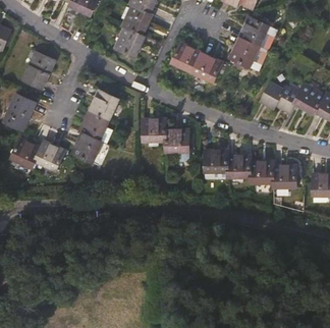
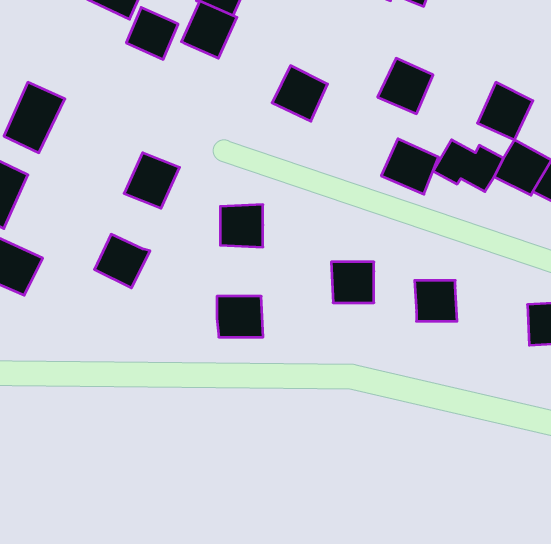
building: [238,15,269,47] -> [477,82,533,140]
building: [114,30,143,58] -> [126,7,178,59]
building: [191,52,223,83] -> [381,139,439,194]
building: [78,112,109,143] -> none
building: [165,129,190,152] -> [217,296,263,337]
building: [37,142,66,170] -> none
building: [226,155,250,177] -> none
building: [271,162,297,187] -> none

